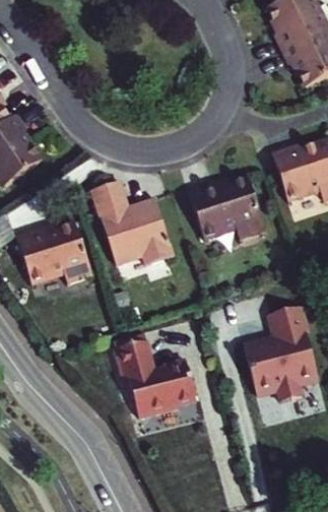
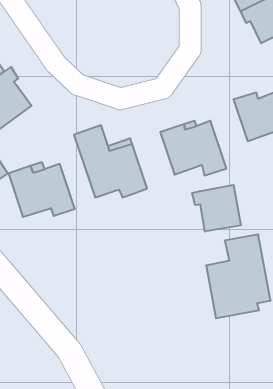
building: none -> [192,185,241,232]
building: [115,339,196,417] -> none

